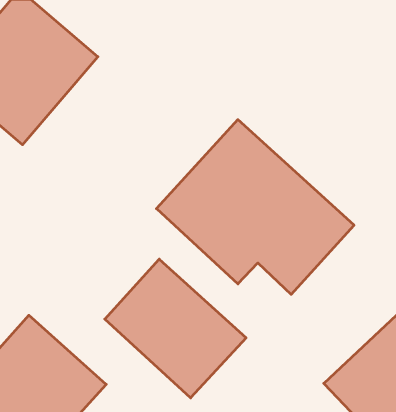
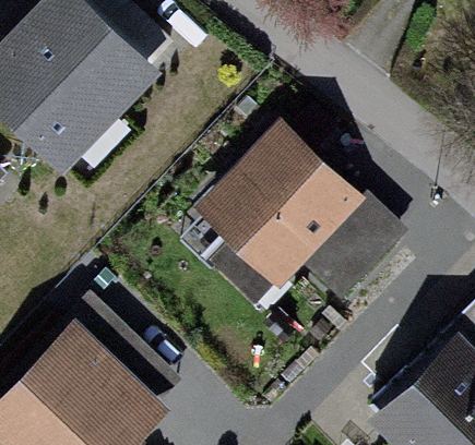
building: [105,259,246,398] -> none

